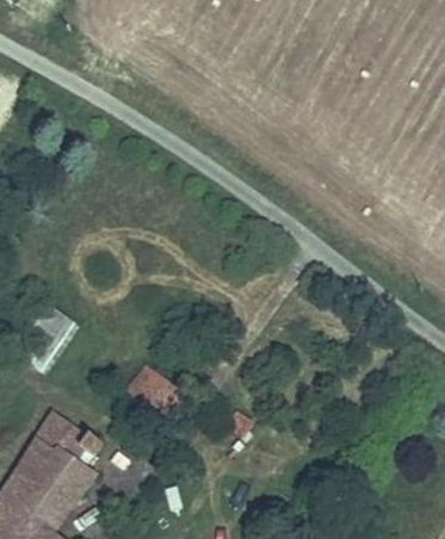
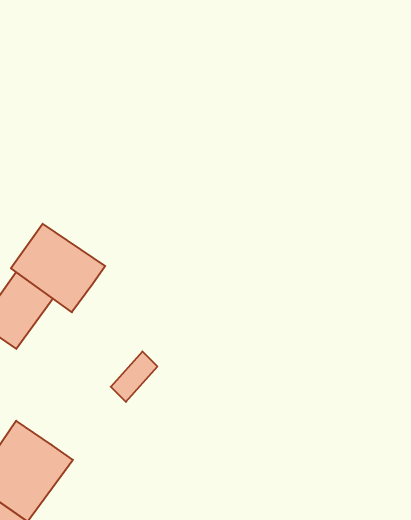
building: none -> [11,224,105,312]
building: [39,416,105,460] -> none

